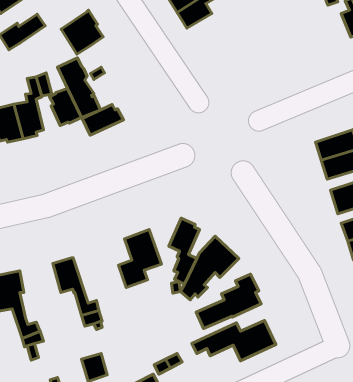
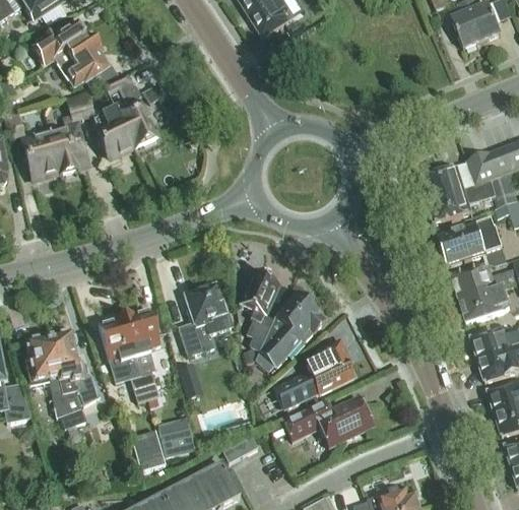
building: [61,10,103,54] -> [57,31,109,85]
building: [82,105,123,135] -> none
building: none -> [123,311,159,375]
building: none -> [57,331,98,406]
building: none -> [159,431,193,457]

